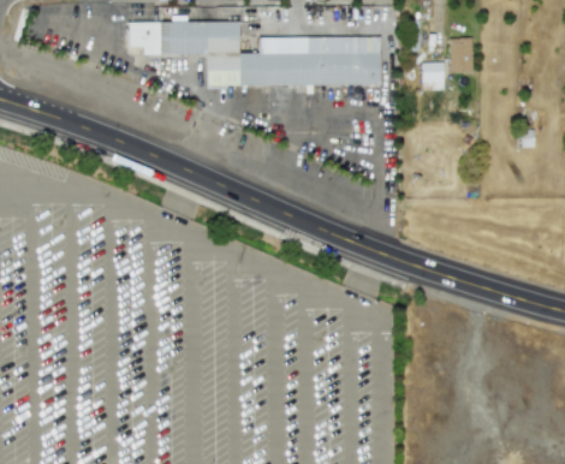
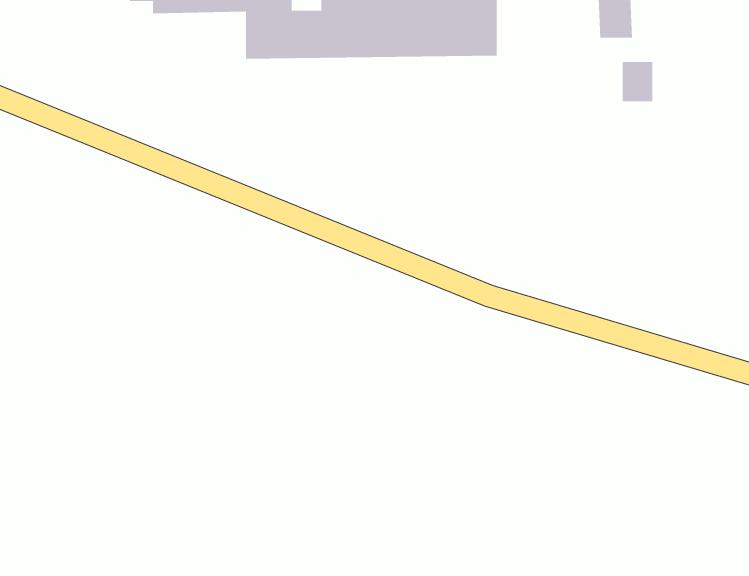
building: [423,63,445,90] -> [622,62,653,102]

